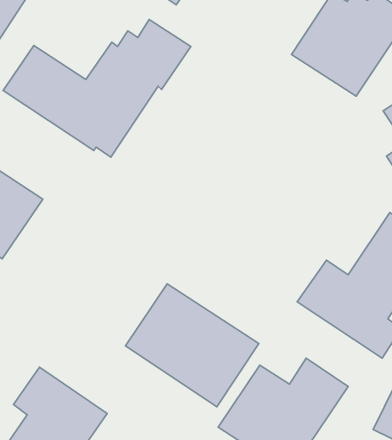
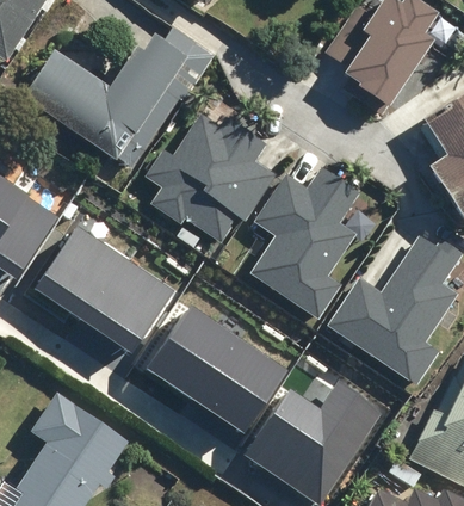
building: none -> [150,115,277,240]
building: none -> [253,169,358,319]
building: none -> [37,227,174,352]

